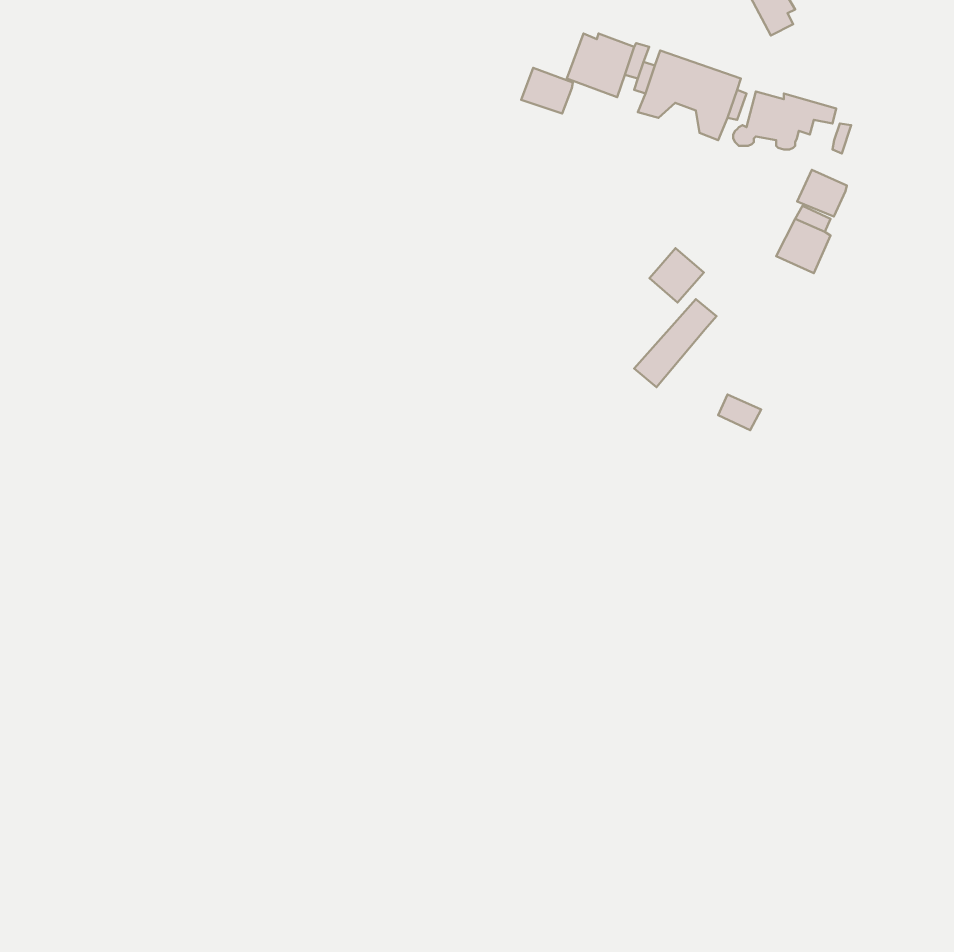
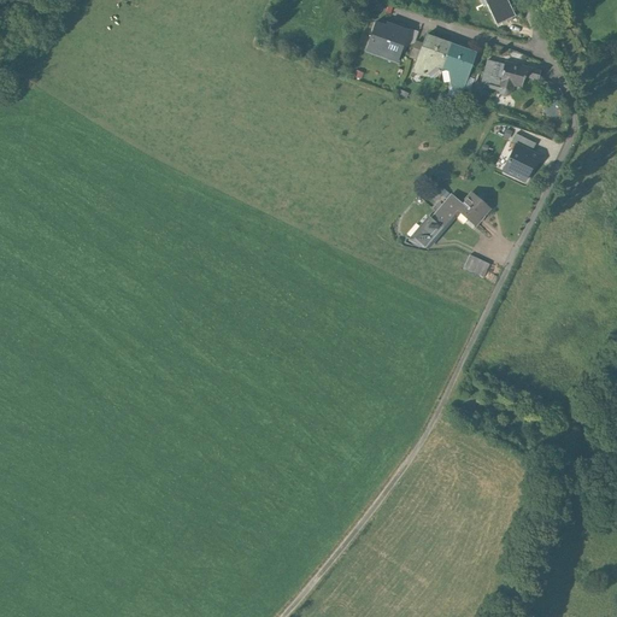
building: [521,68,573,114] -> none
building: [797,170,847,216] -> none
building: [649,248,704,302] -> [456,193,490,228]

